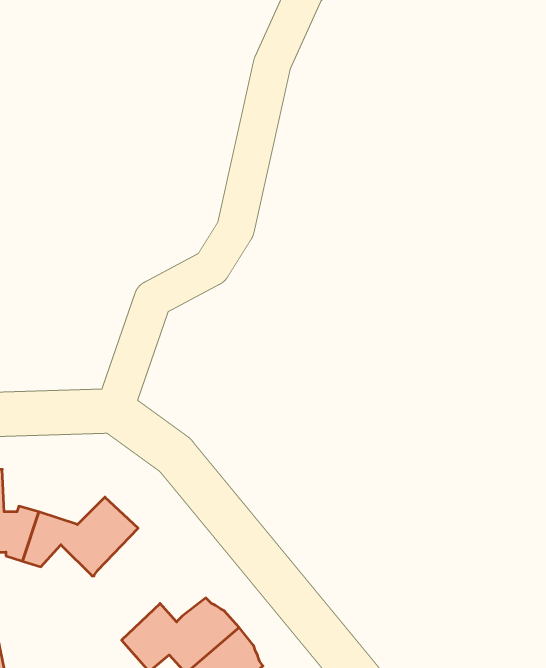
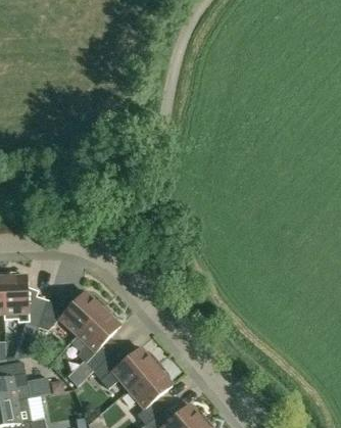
building: none -> [69,307,120,370]

